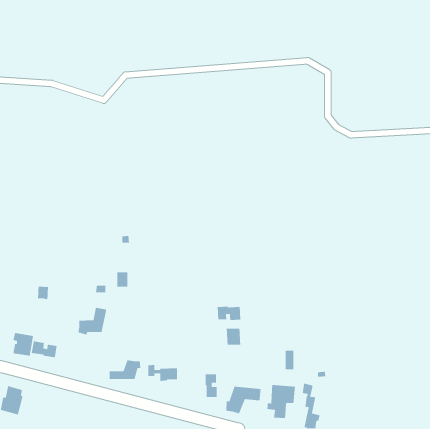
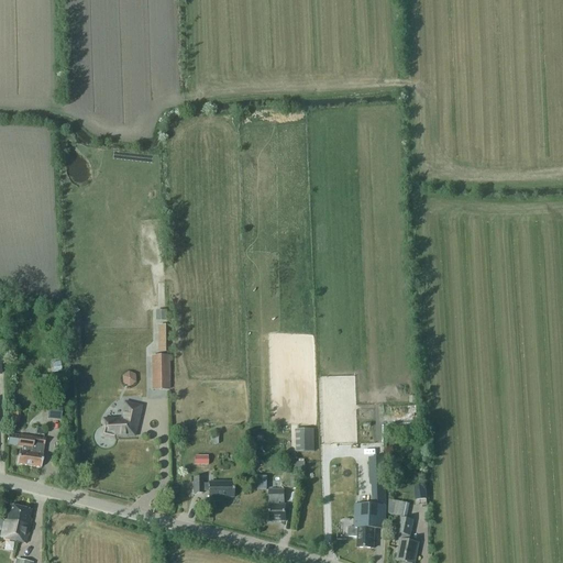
building: [217,306,241,321] -> none
building: [31,341,57,358] -> none
building: [109,360,141,380] -> none
building: [225,386,262,414] -> none

